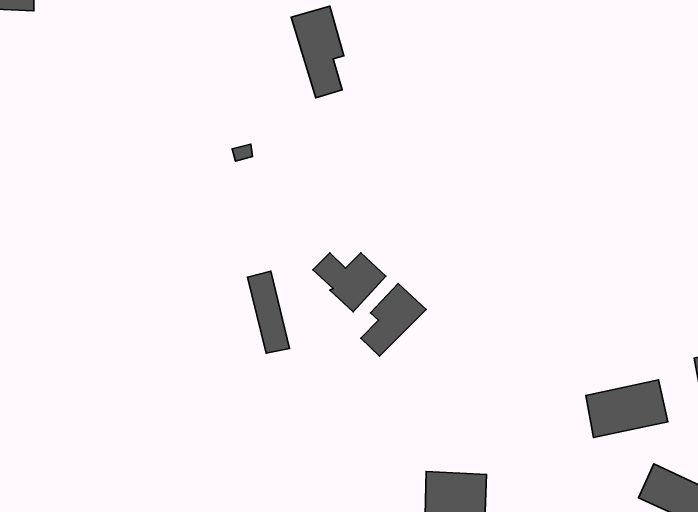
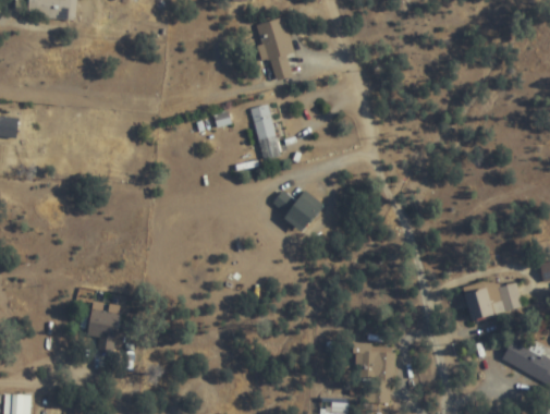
building: [248,271,289,353] -> [252,104,281,161]
building: [361,283,426,356] -> none
building: none -> [87,308,119,353]

